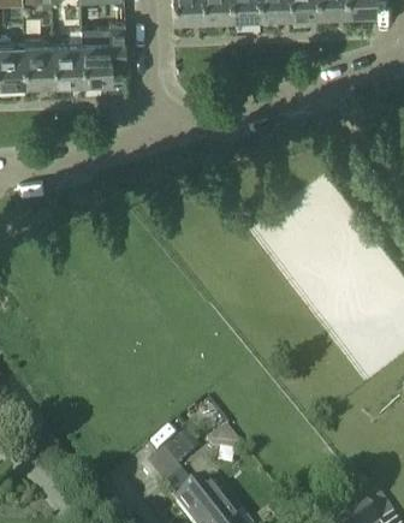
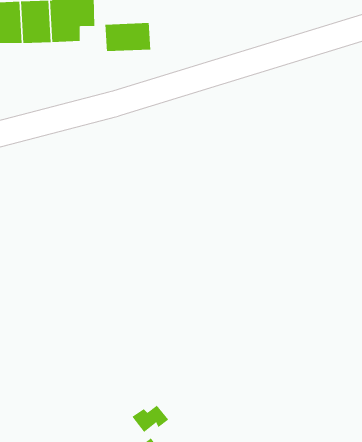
building: none -> [105,22,151,52]

